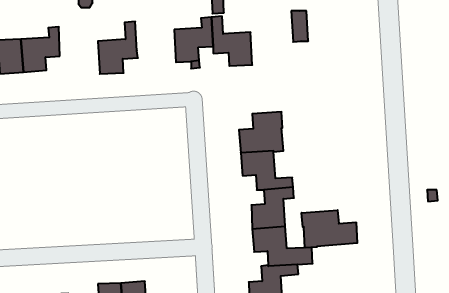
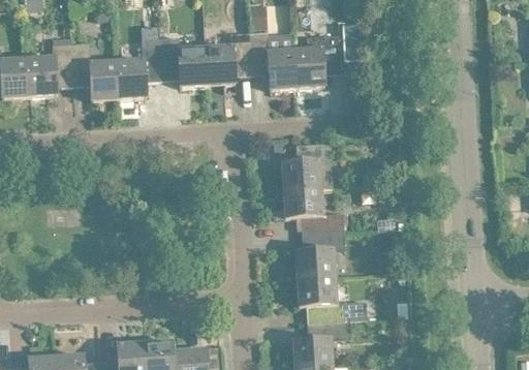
building: none -> [294,34,341,87]
building: none -> [160,36,208,86]
building: none -> [71,41,119,99]
building: [302,210,357,248] -> none

